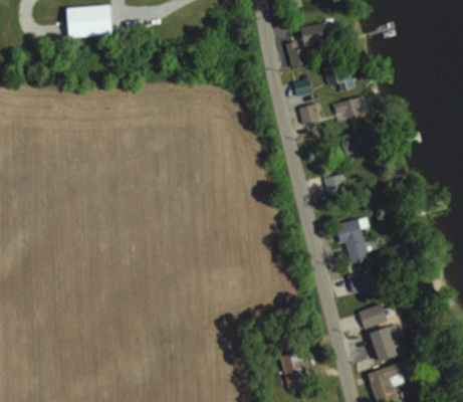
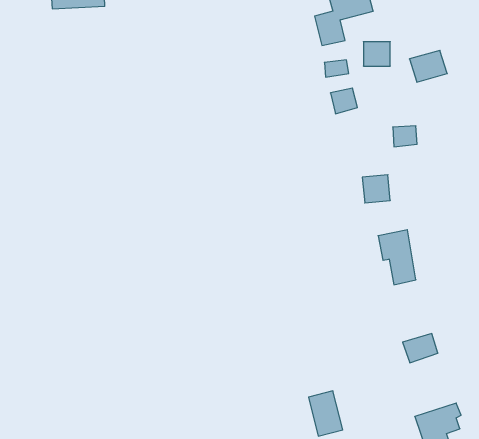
building: [330,96,362,123] -> [409,50,447,82]
building: [348,270,373,294] -> none
building: [371,327,398,362] -> none

